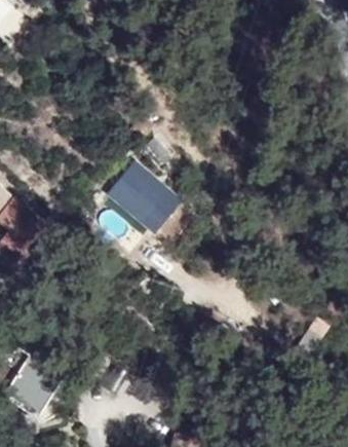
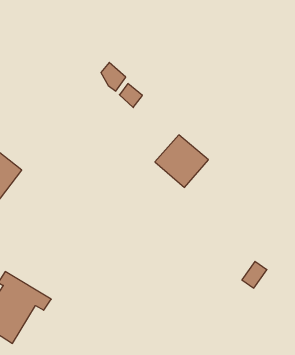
building: [114,162,173,221] -> [155,135,208,187]

